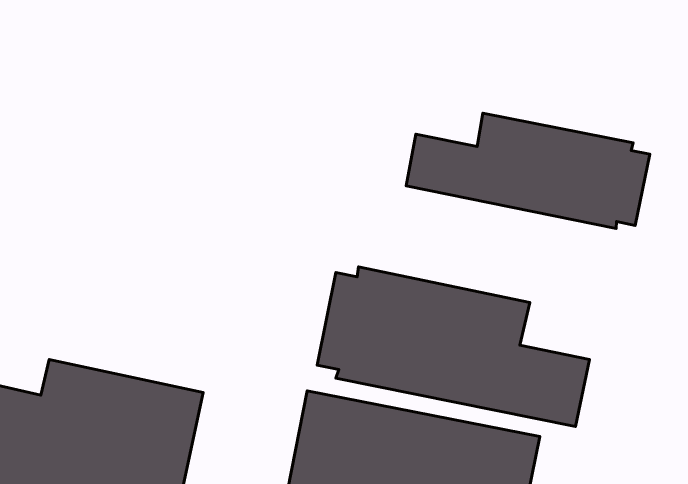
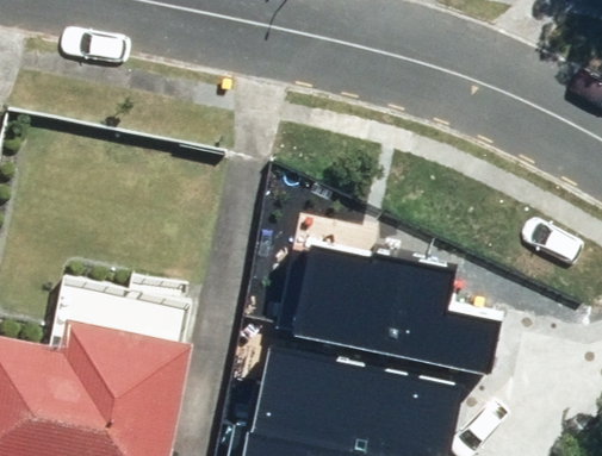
building: [406,113,650,229] -> none

